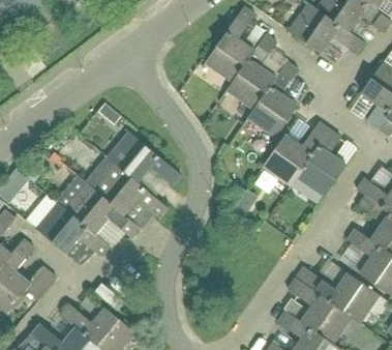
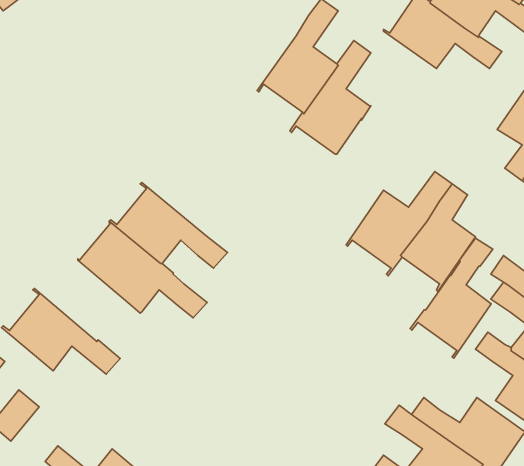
building: [244,62,299,142] -> [410,238,493,358]
building: [54,175,140,237] -> none

